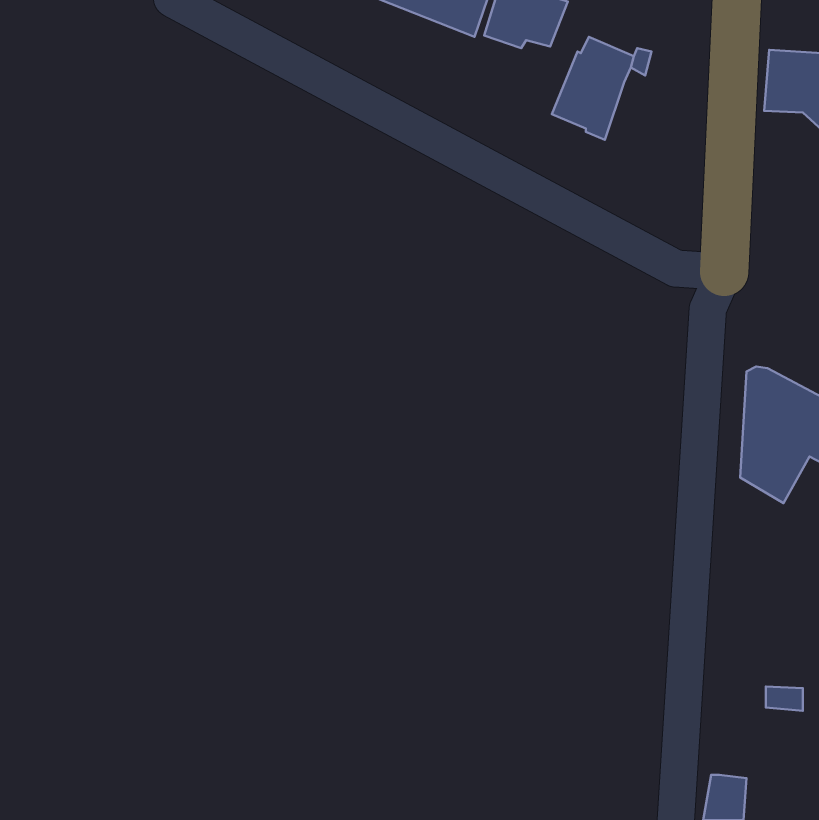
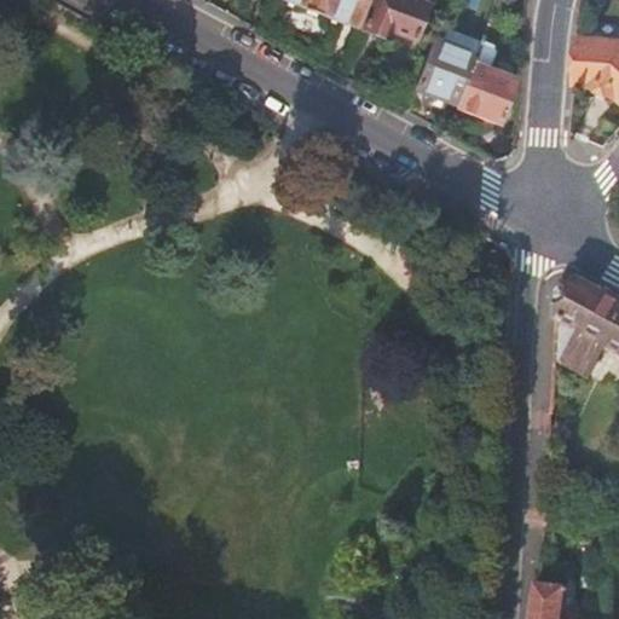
building: none -> [457,62,516,122]

